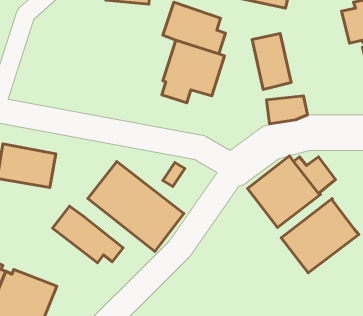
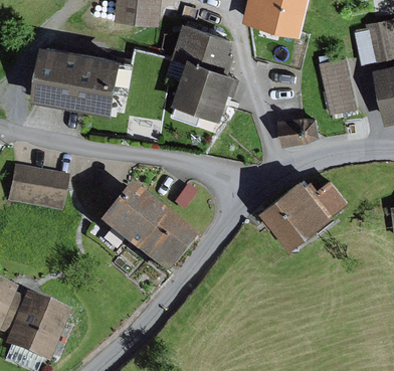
building: none -> [34,45,124,114]
building: [252,34,291,89] -> [319,58,358,115]
building: [281,198,359,273] -> none
building: [52,206,123,263] -> none

